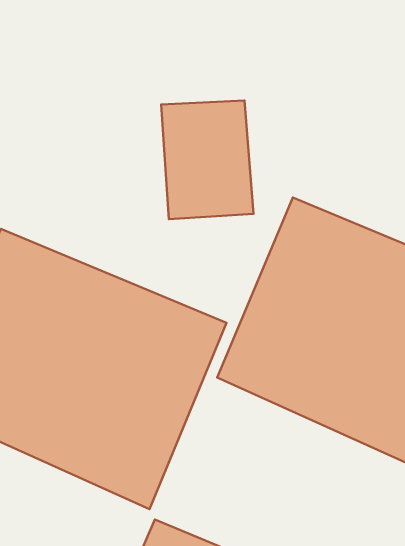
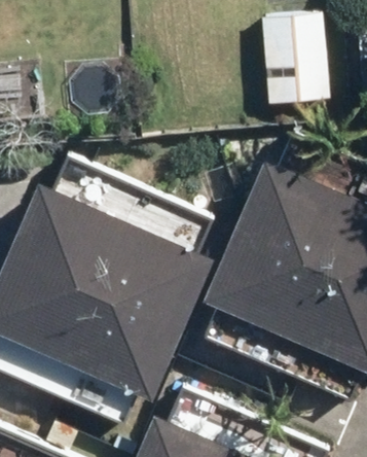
building: [161,101,254,219] -> [253,12,326,106]

